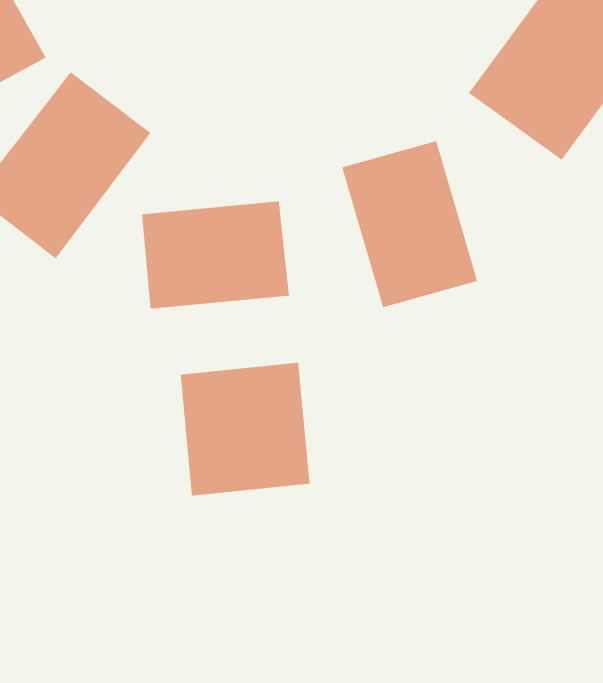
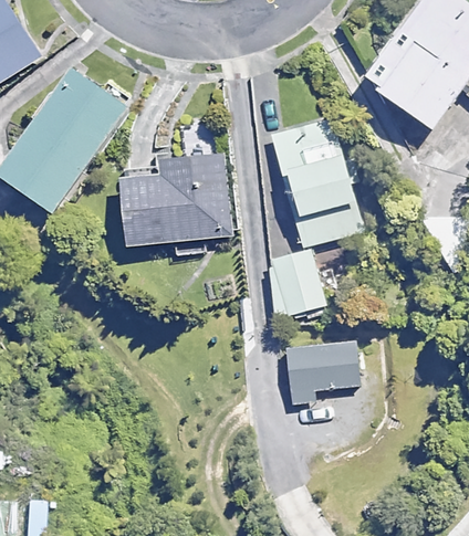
building: none -> [271,254,329,319]
building: [180,362,311,497] -> none
building: none -> [285,335,366,406]

